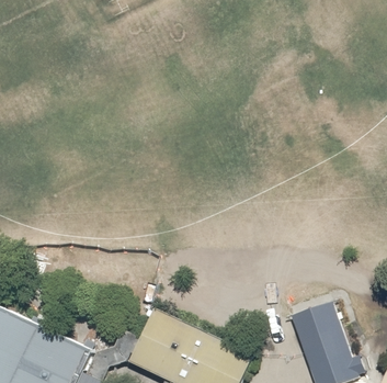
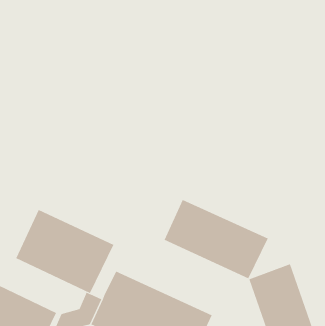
building: none -> [164,199,268,279]
building: none -> [16,209,114,294]

